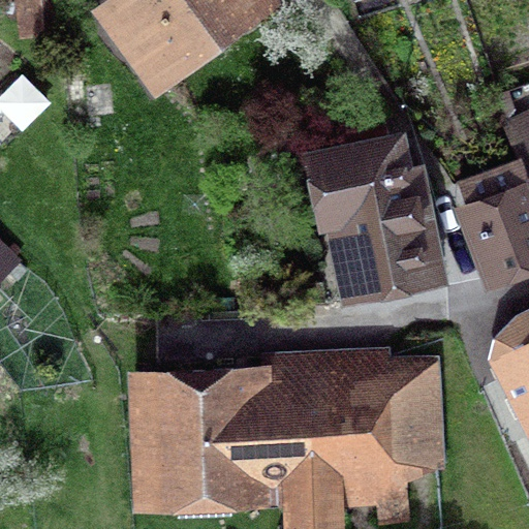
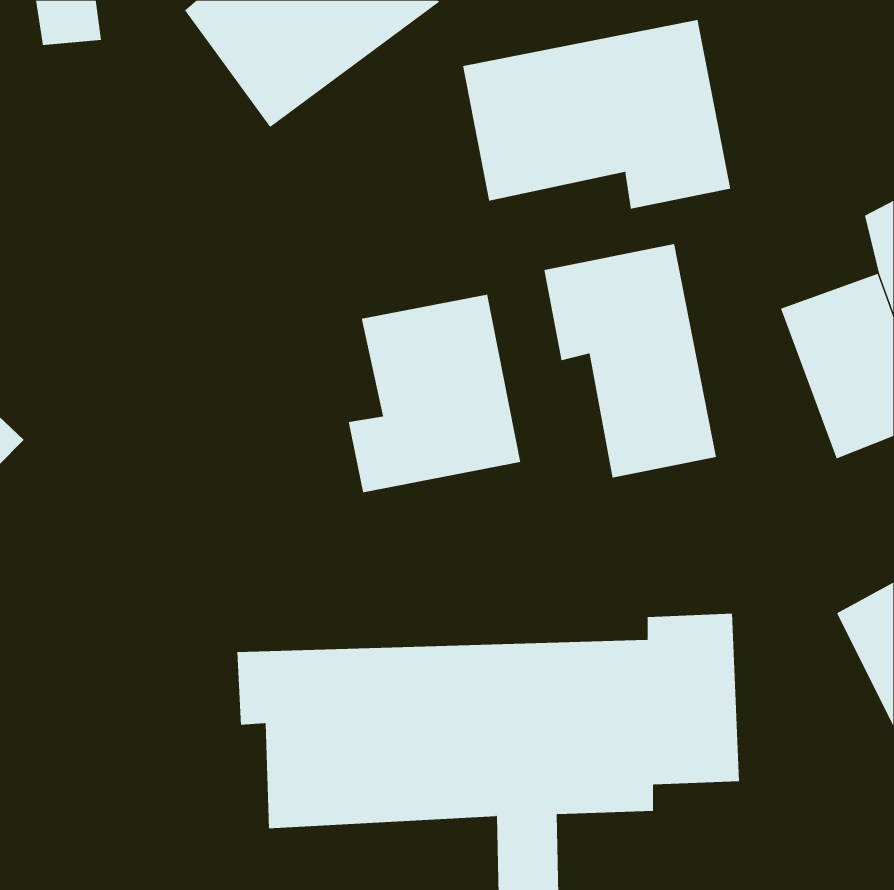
building: none -> [463,19,731,209]
building: none -> [348,294,521,493]

